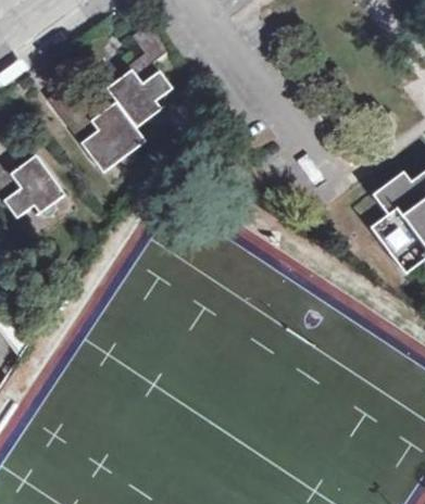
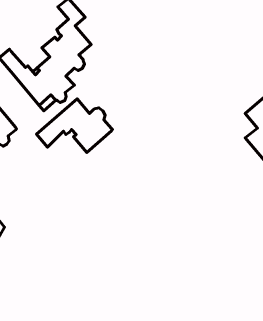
building: none -> [36,99,112,153]

